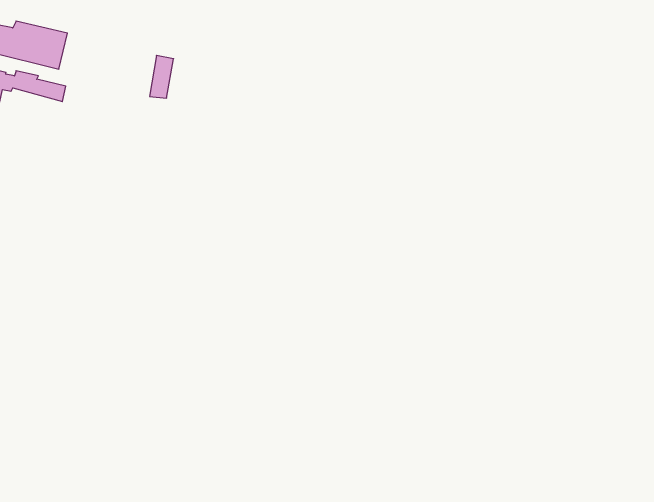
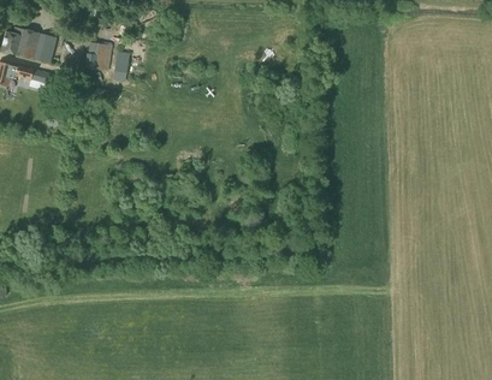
building: none -> [84,42,112,71]

